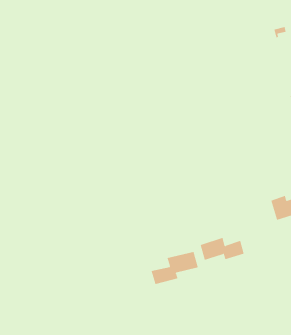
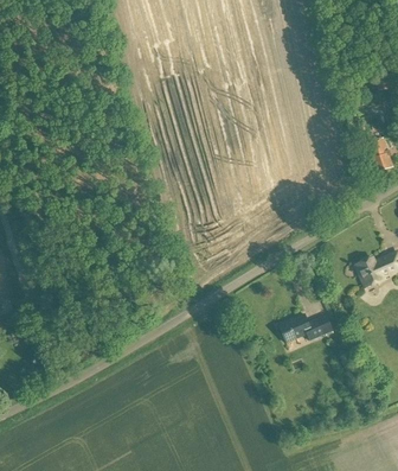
building: [151,251,199,285] -> none

